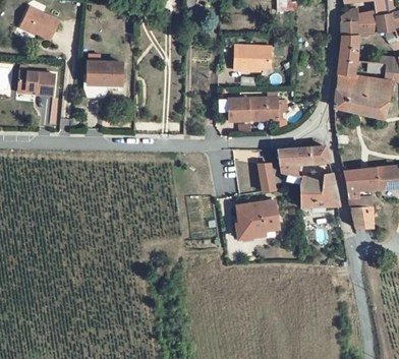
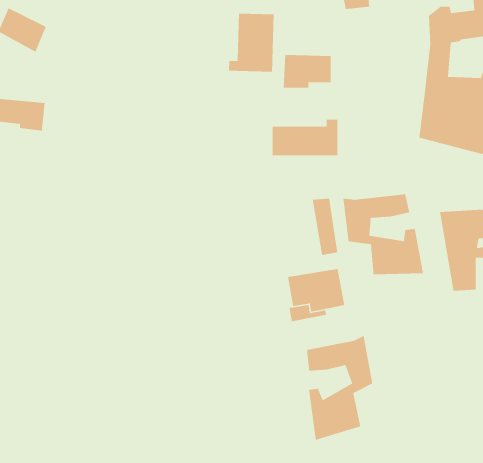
building: none -> [228,13,275,73]
building: [88,63,119,84] -> none
building: none -> [306,335,373,441]

